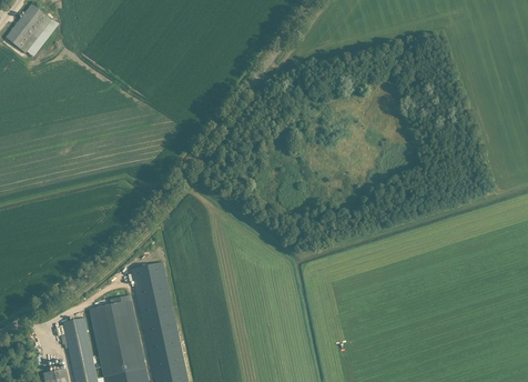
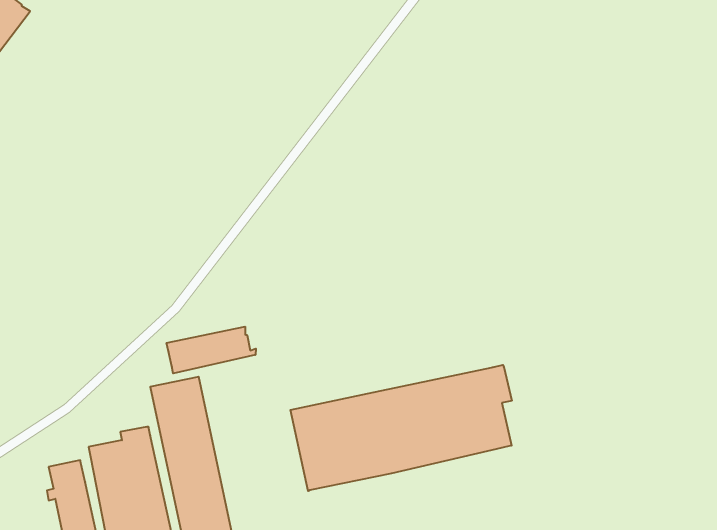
building: none -> [167,327,256,373]
building: none -> [290,365,512,491]

